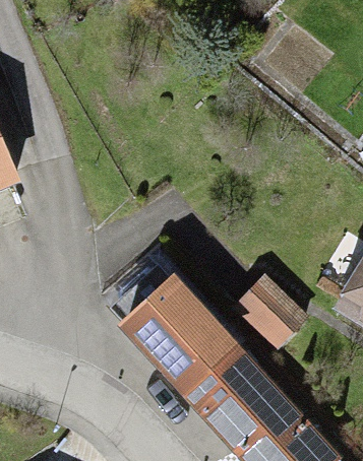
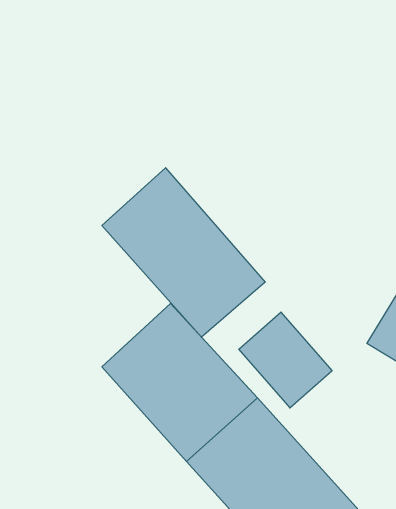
building: none -> [102,168,265,337]

